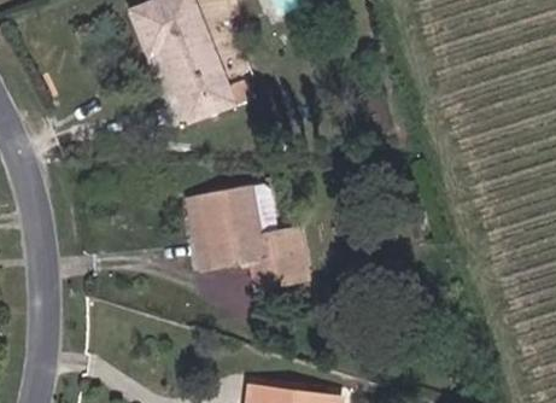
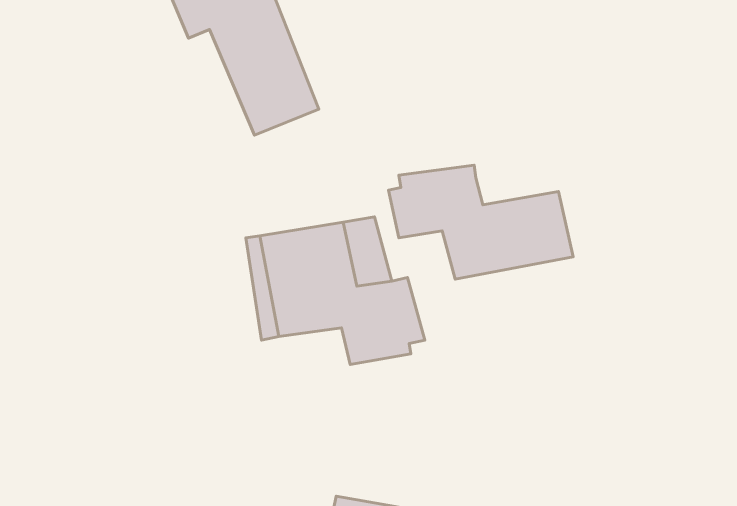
building: none -> [389,165,573,279]

